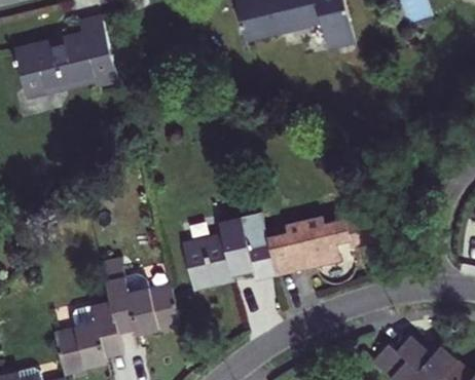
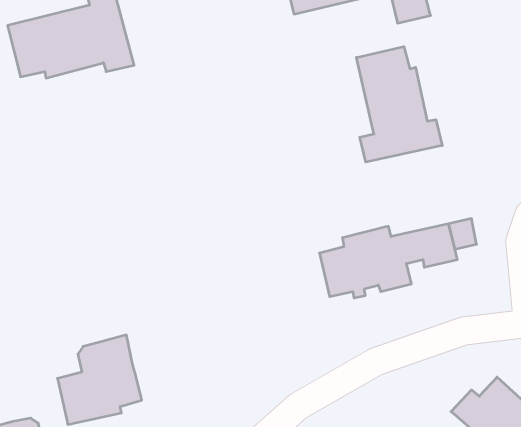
building: none -> [356,47,442,162]
building: [182,217,277,289] -> none
building: [107,276,181,334] -> none

